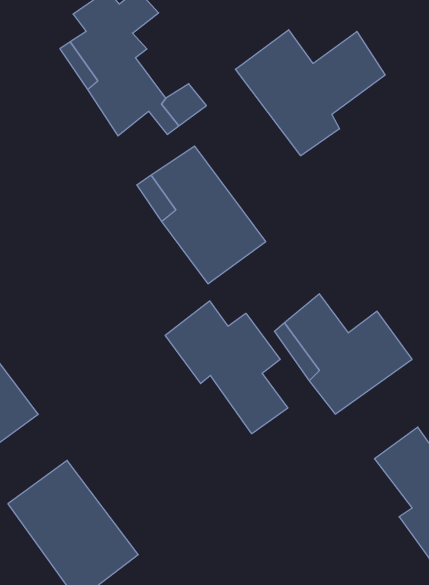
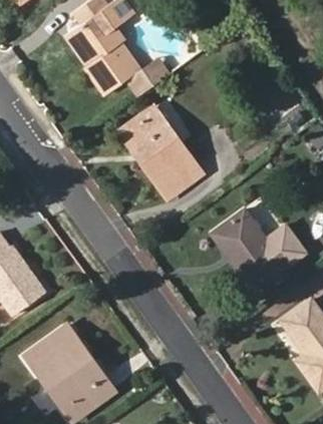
building: [235,30,385,156] -> none
building: [165,301,288,434] -> none

